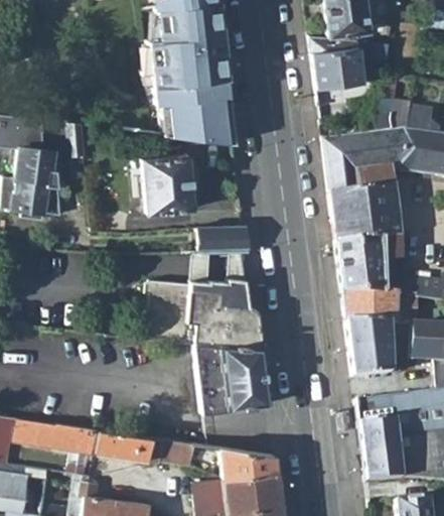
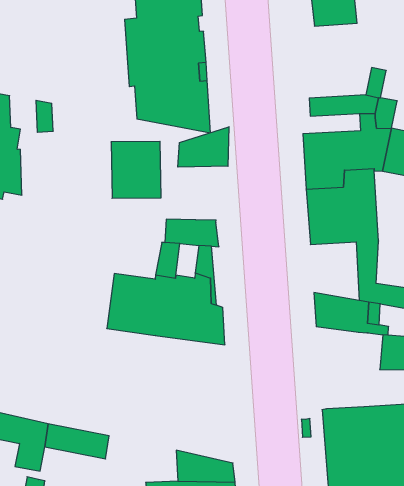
building: [309,36,390,90] -> none
building: none -> [178,127,229,167]
building: [336,241,386,296] -> none
building: [346,324,392,379] -> none
building: [194,341,269,411] -> none
building: [154,438,195,465] -> none

